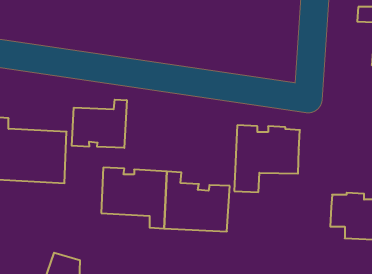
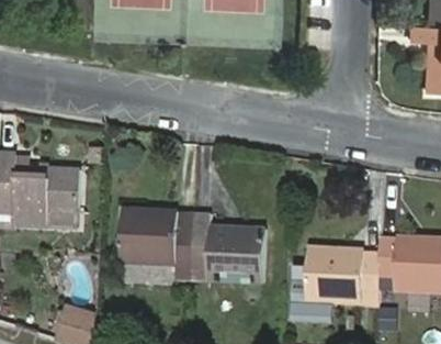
building: [72,100,127,148] -> none
building: [234,125,300,192] -> [306,246,381,322]

